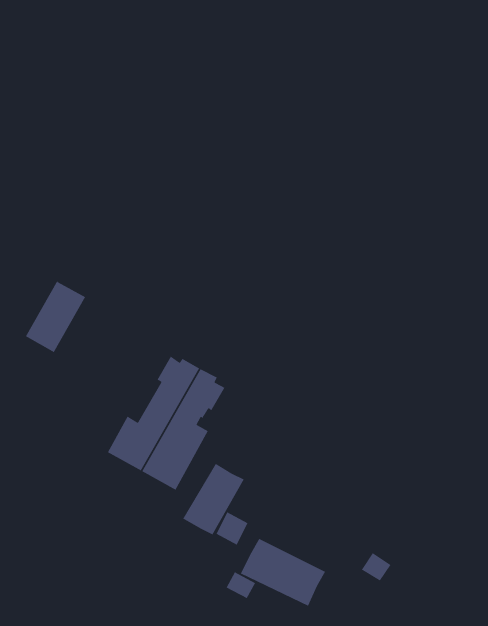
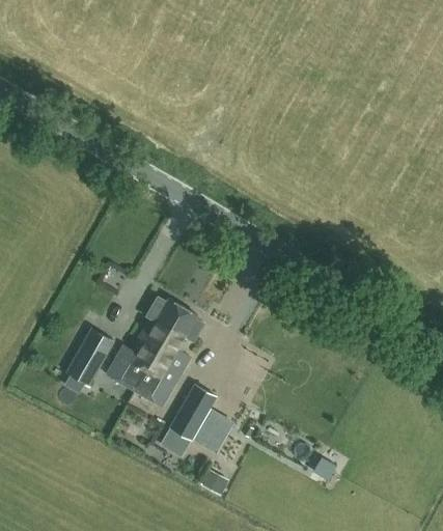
building: [25,280,86,353] -> [66,327,116,386]
building: [240,538,326,607] -> none

